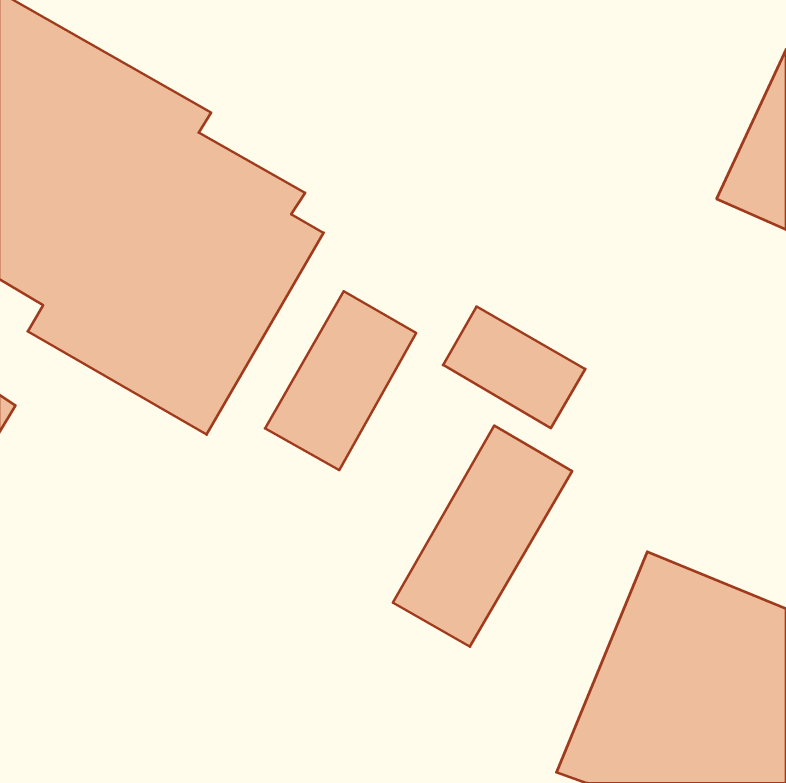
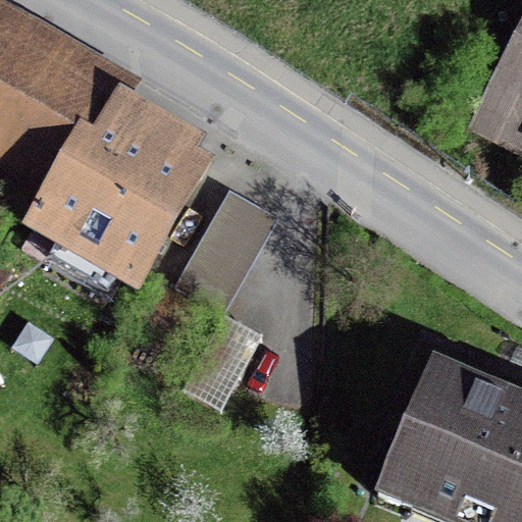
building: [443,307,585,428] -> none
building: [393,426,572,647] -> none

